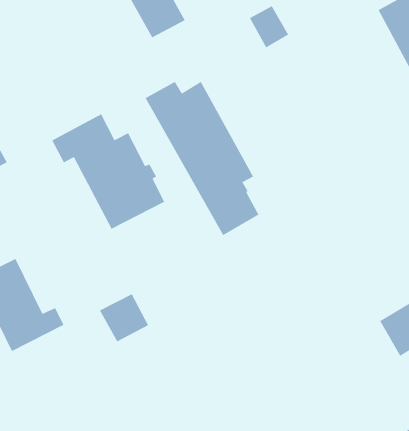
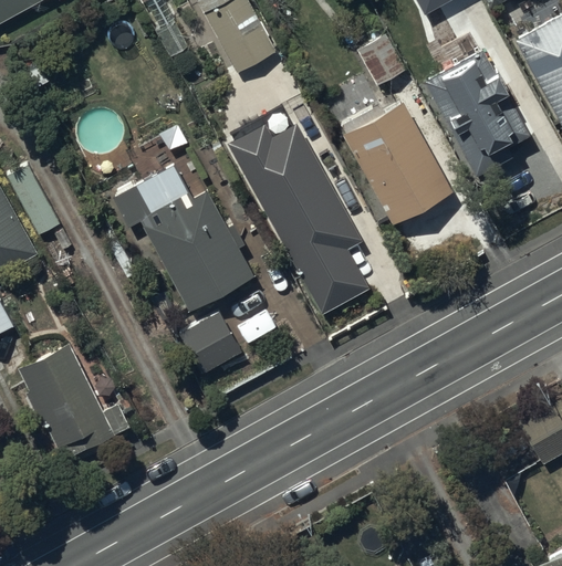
building: none -> [425,41,530,176]
building: none -> [343,99,454,224]
building: [99,293,149,343] -> [179,314,241,375]

